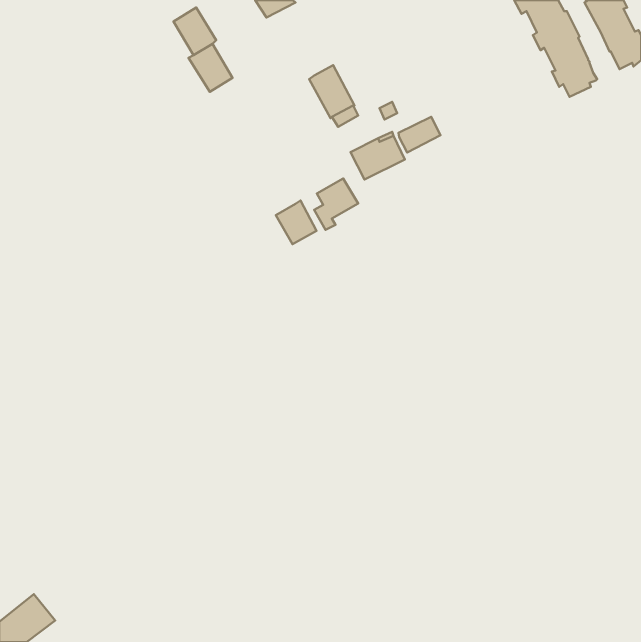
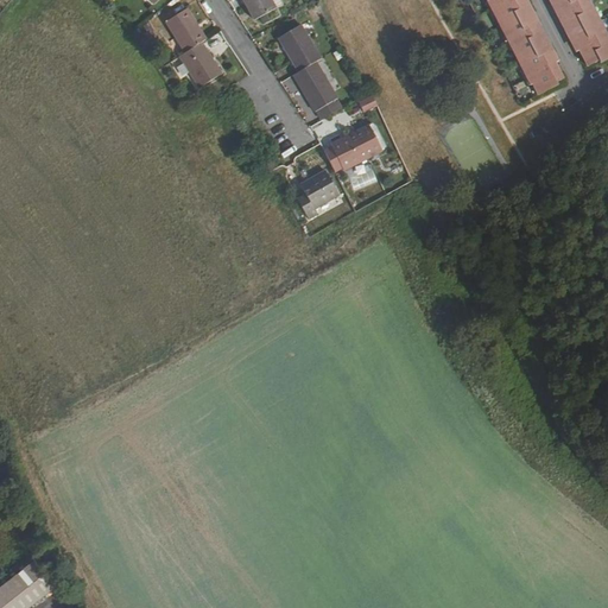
building: none -> [278,24,319,71]
building: [398,117,440,152] -> none
building: [276,201,317,244] -> none

